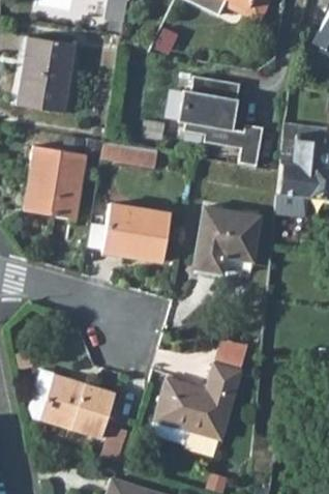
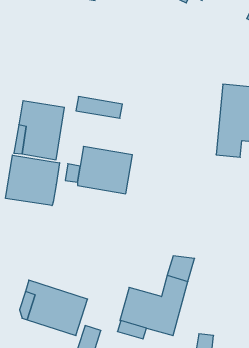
building: [18,36,83,114] -> none
building: [180,76,263,166] -> none
building: [193,206,260,272] -> none
building: none -> [6,155,60,206]

